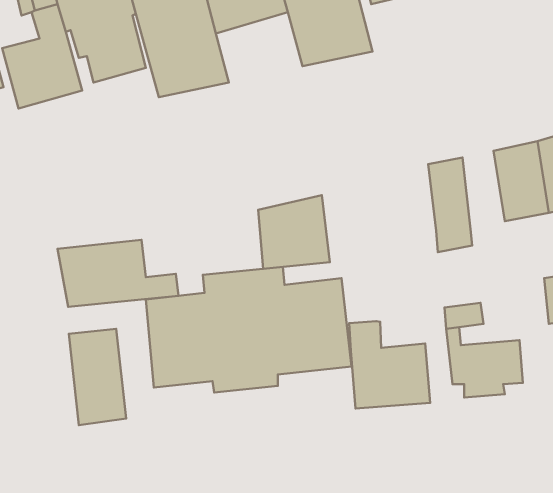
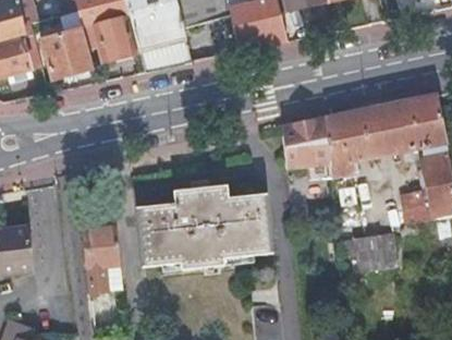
building: none -> [347,108,376,160]
building: [258,195,330,269] -> [282,117,330,166]
building: [58,240,178,307] -> none
building: [349,321,430,409] -> none

